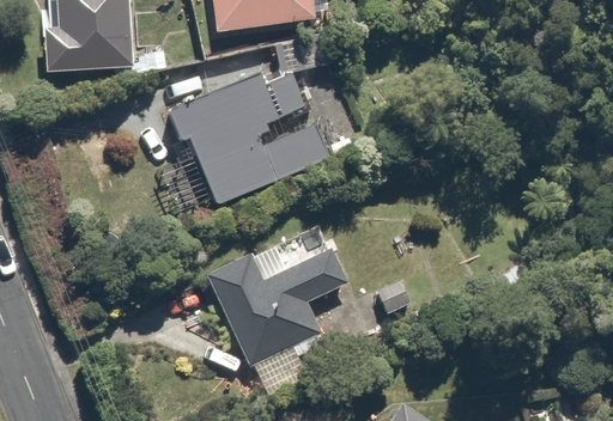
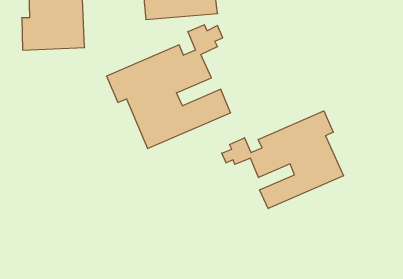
building: none -> [222,111,343,209]
building: [206,242,353,367] -> none

